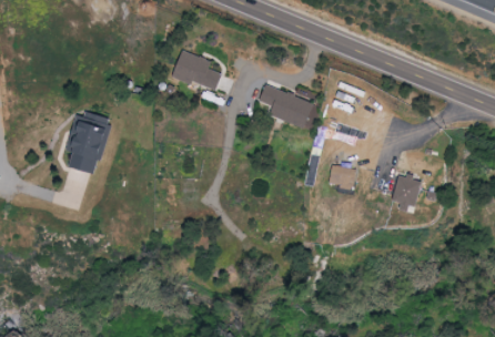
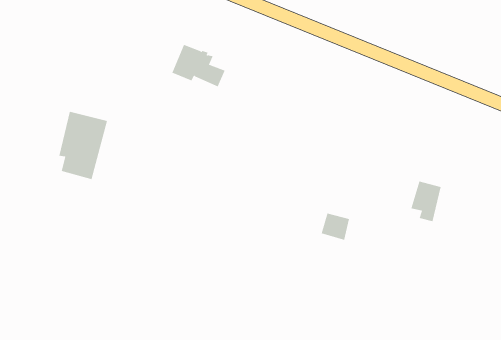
building: [259,84,314,129] -> none
building: [329,164,355,190] -> [321,213,350,241]

